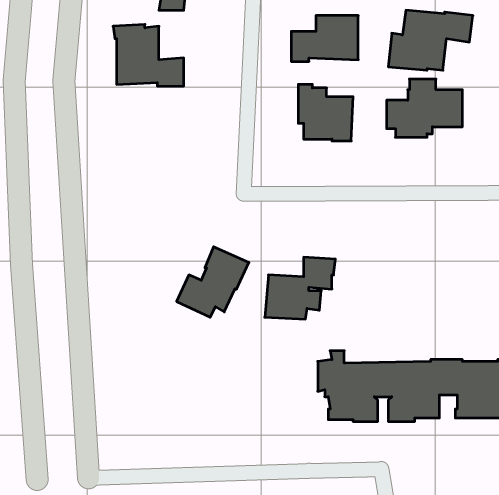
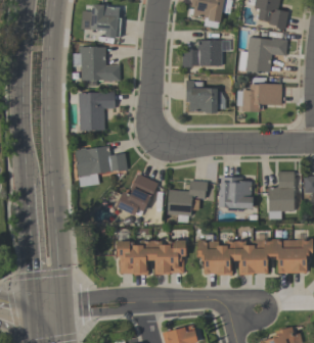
building: none -> [78,92,115,132]
building: none -> [75,146,128,188]
building: none -> [268,171,294,219]
building: none -> [219,177,254,209]
building: none -> [117,241,187,276]

